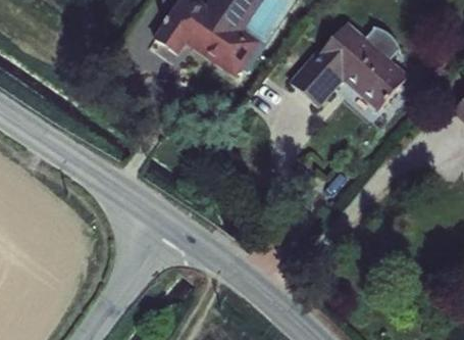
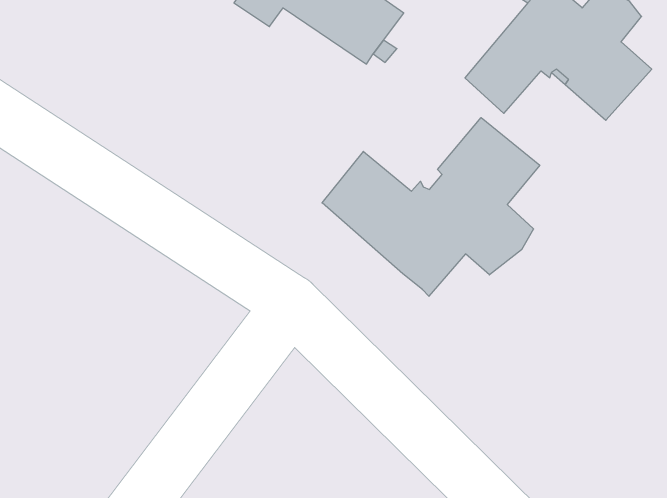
building: none -> [322,118,540,296]

